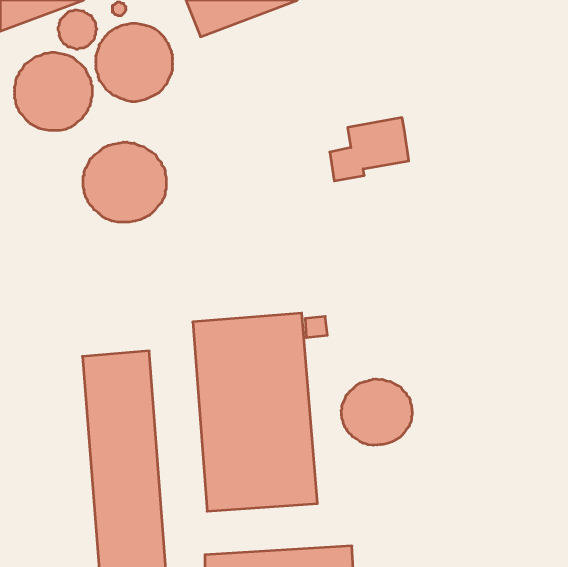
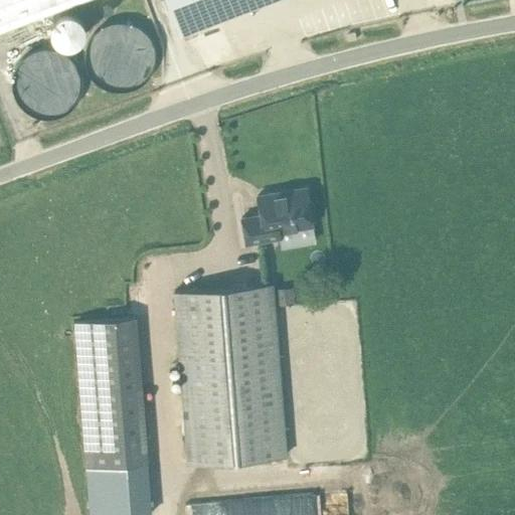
building: [330,118,409,181] -> [242,188,314,245]
building: [83,142,166,222] -> none
building: [341,379,412,445] -> none

